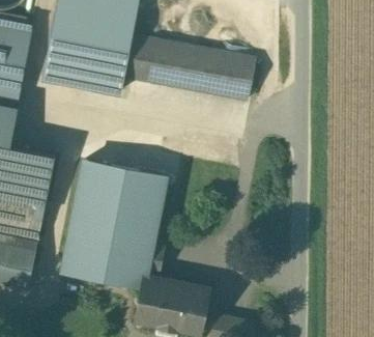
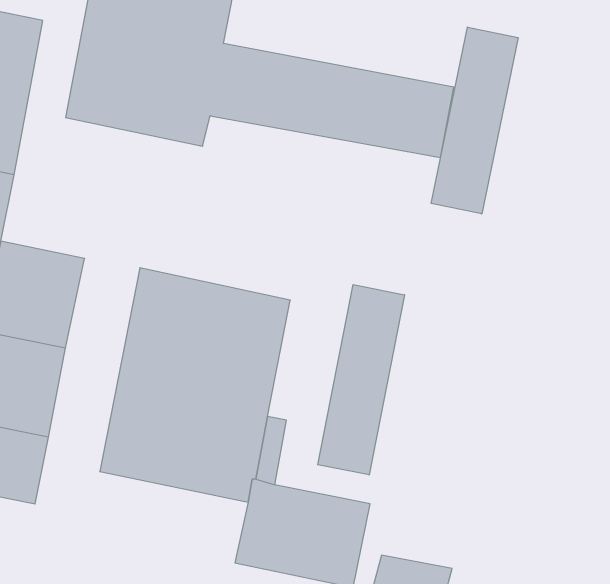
building: none -> [431,27,518,214]
building: none -> [318,285,405,475]

